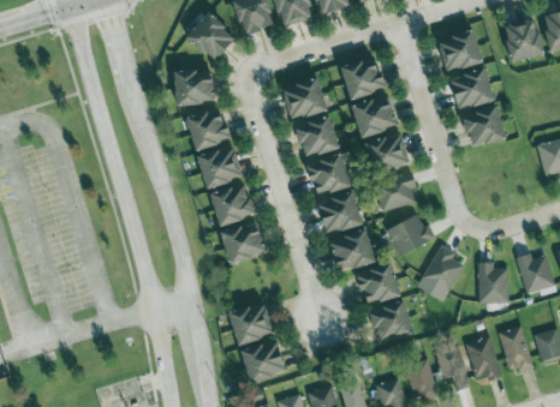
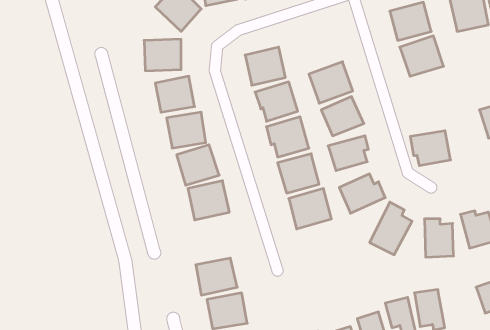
building: [342,56,388,101] -> none
building: [464,108,507,145] -> [410,131,451,166]
building: [359,264,401,305] -> none
building: [373,303,415,342] -> none
building: [496,327,534,373] -> none

